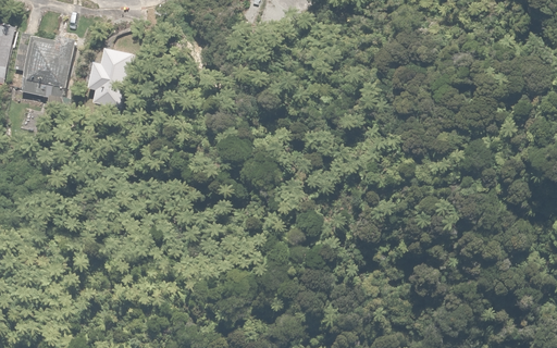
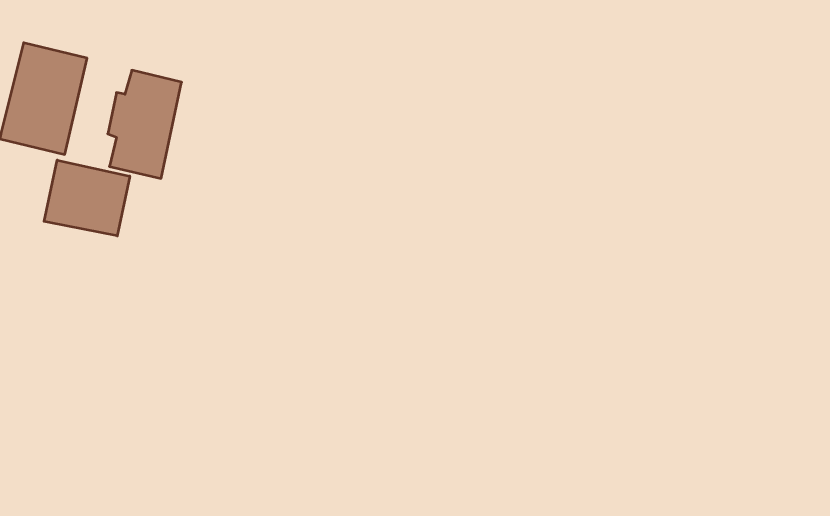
building: none -> [44,160,130,236]

